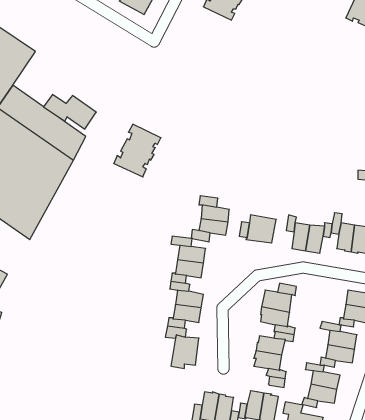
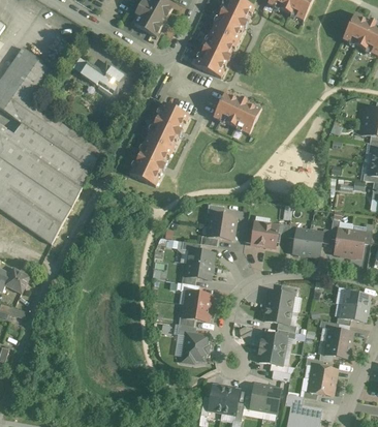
building: none -> [194,29,237,78]
building: none -> [213,91,260,134]
building: none -> [146,102,188,150]
building: [44,94,96,129] -> [80,62,128,94]

